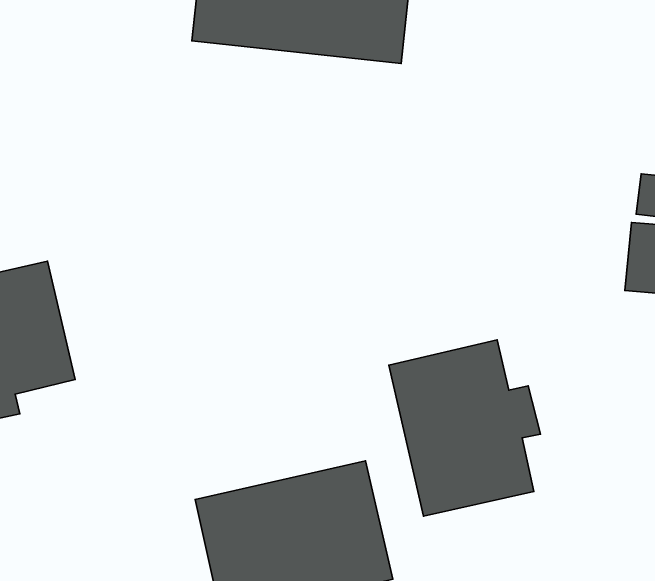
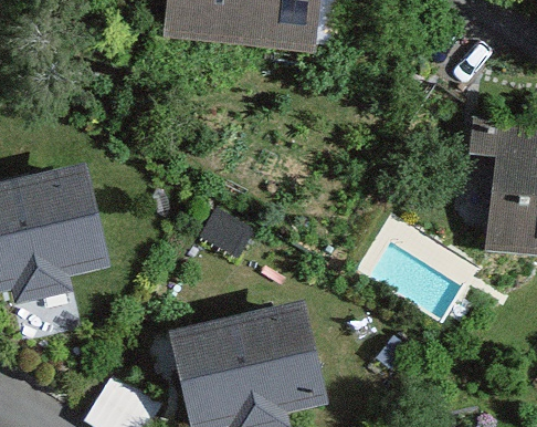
building: [389,340,541,516] -> none

